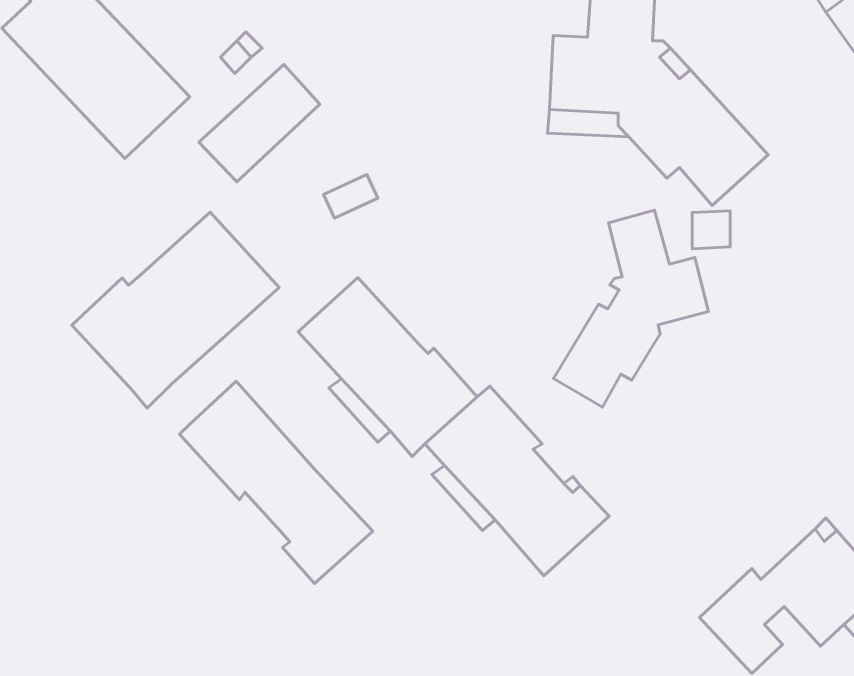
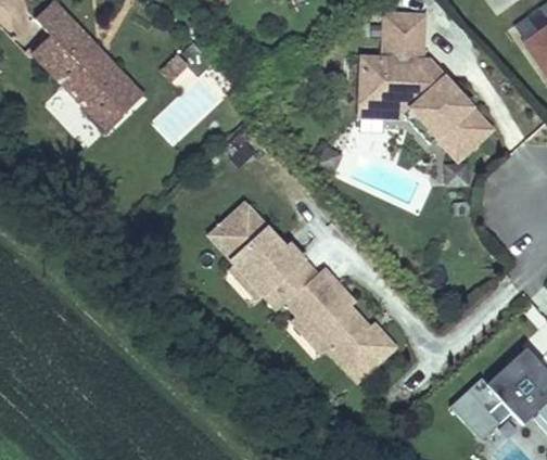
building: [554,210,708,407] -> none
building: [72,212,279,408] -> none
building: [179,381,373,584] -> none

